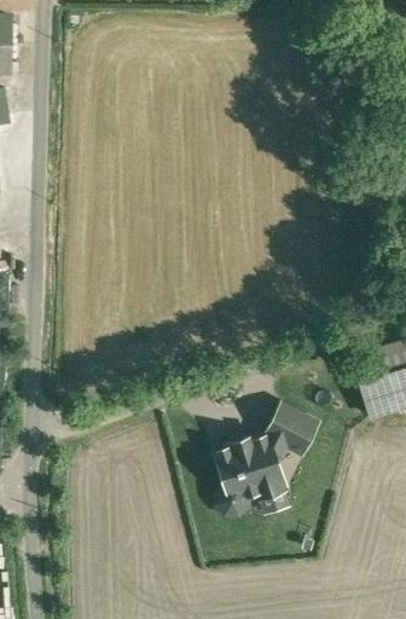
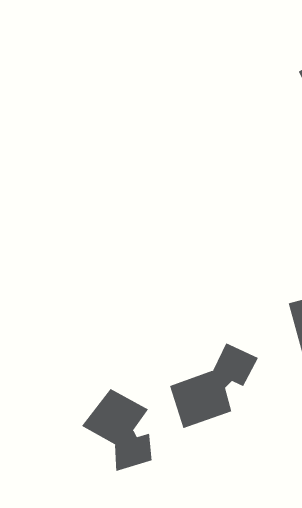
building: none -> [81,388,152,472]

